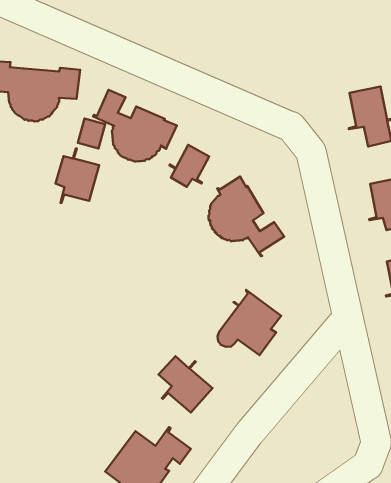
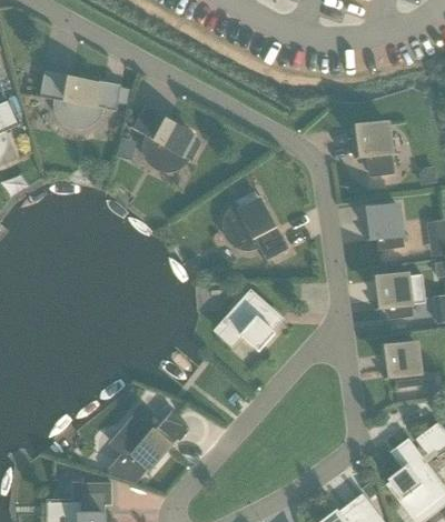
building: [170,145,209,187] -> none
building: [55,149,99,203] -> none
building: [158,356,212,413] -> none

